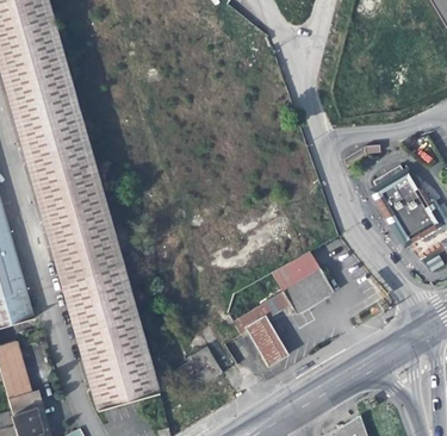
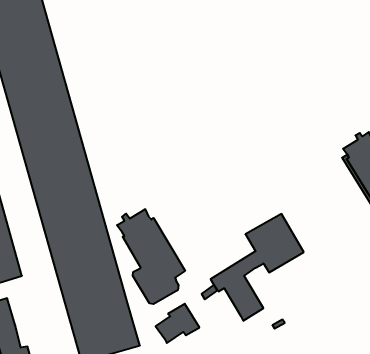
building: none -> [117,209,185,304]

